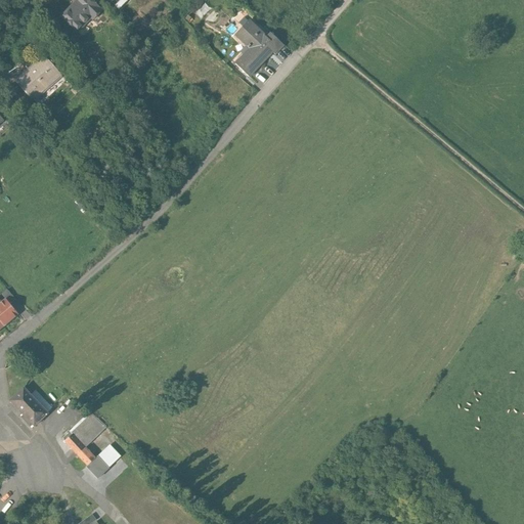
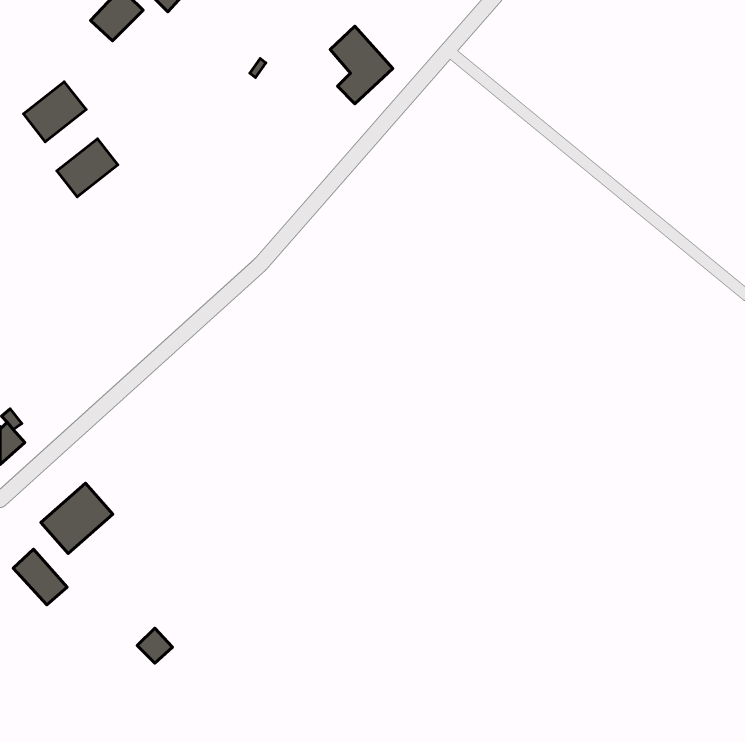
building: none -> [57,139,118,197]
building: none -> [41,483,113,554]
building: [63,411,104,463] -> none

